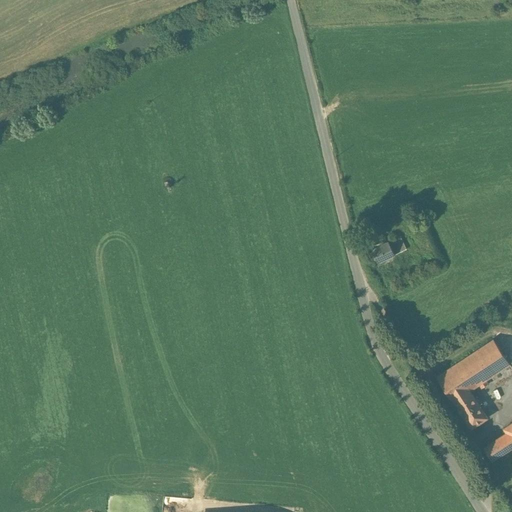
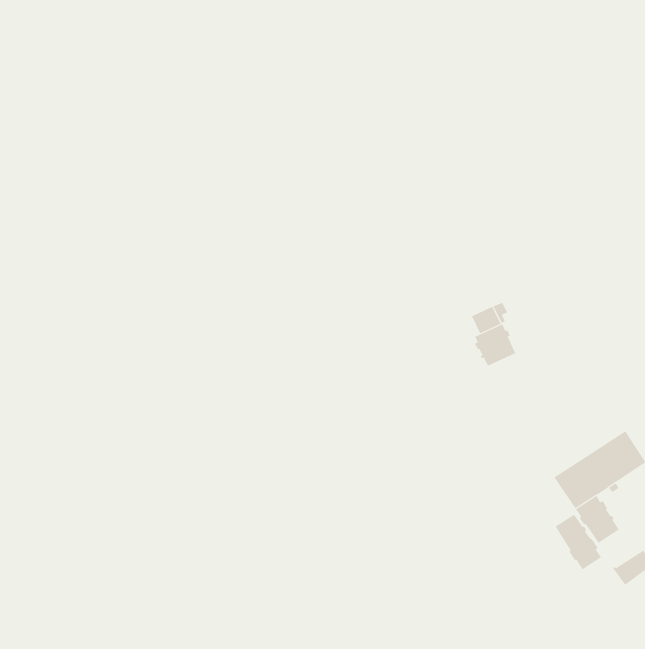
building: none -> [474,323,516,367]
building: none -> [555,514,602,570]

